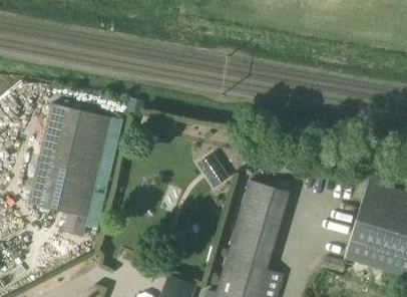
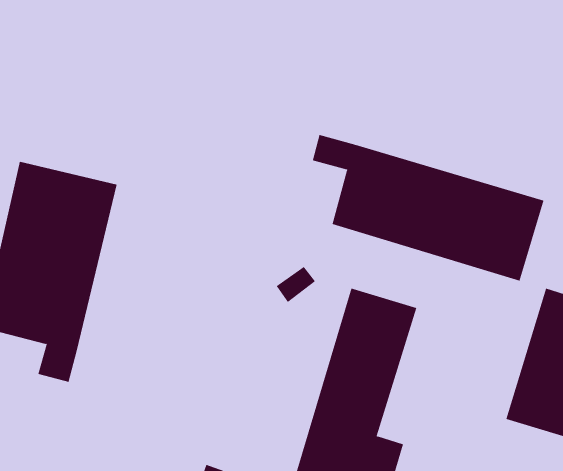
building: none -> [312,134,544,282]

